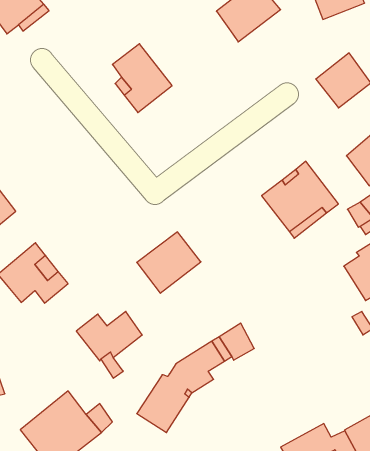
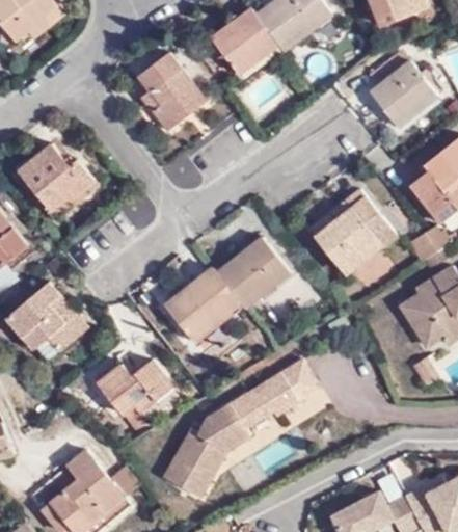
building: none -> [210,7,276,73]
building: none -> [18,143,96,213]
building: none -> [215,237,287,309]
building: none -> [284,361,321,402]

